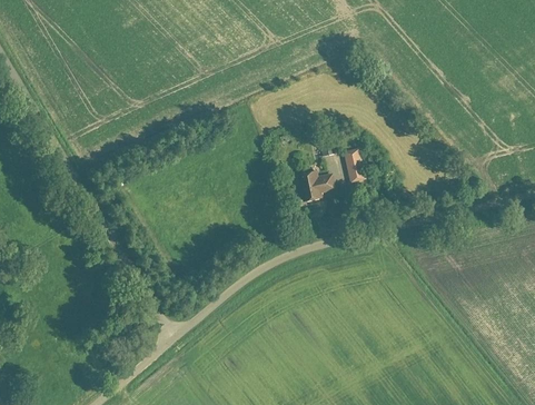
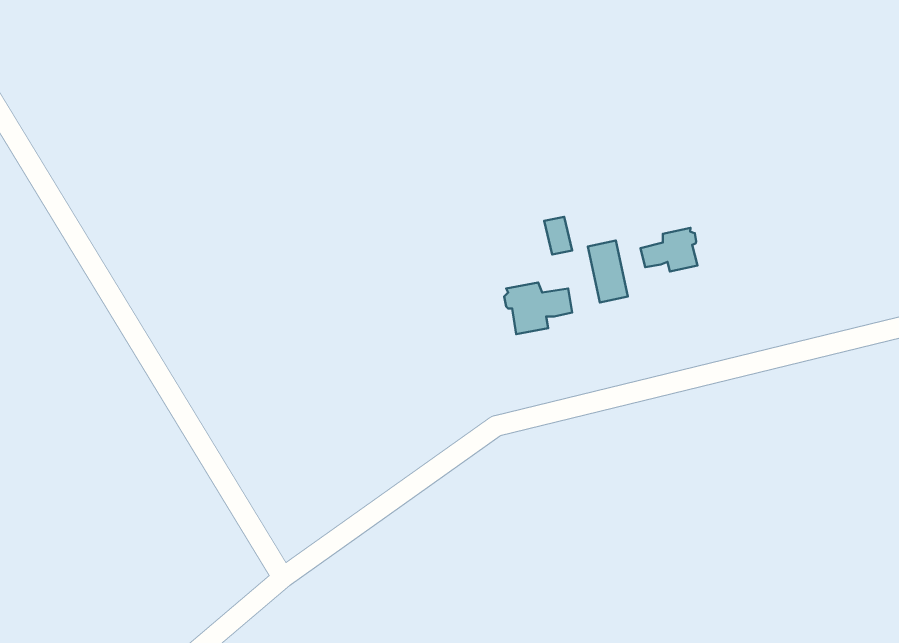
building: none -> [641,228,697,271]

